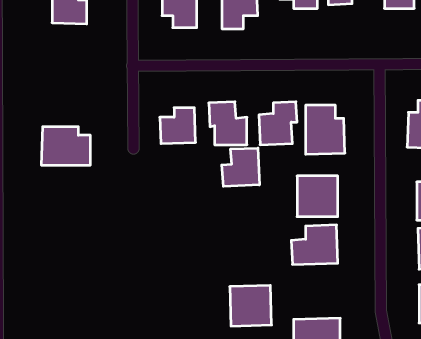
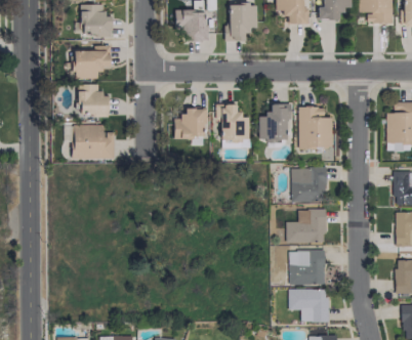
building: none -> [74,45,111,79]
building: none -> [80,84,110,116]
building: [222,148,259,186] -> none
building: [230,285,272,326] -> [290,250,326,285]

